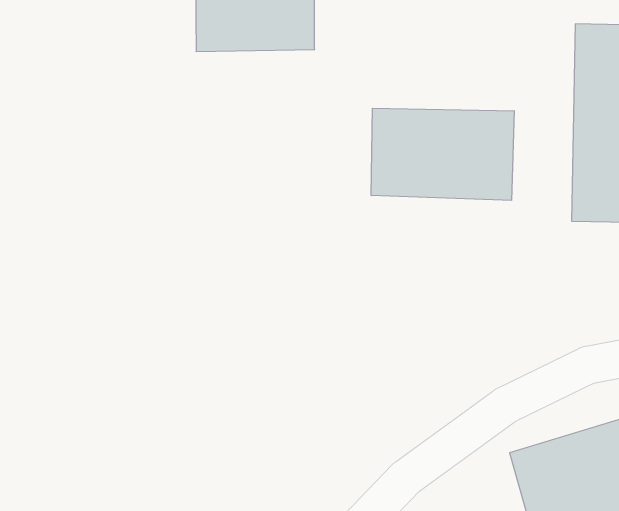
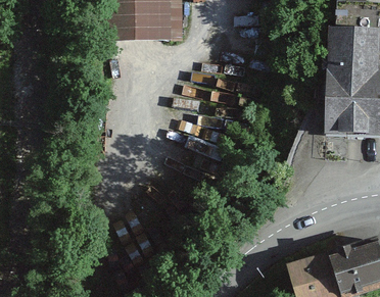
building: [371,108,514,200] -> none

